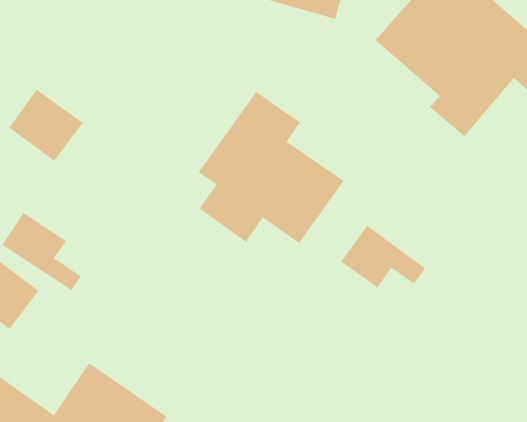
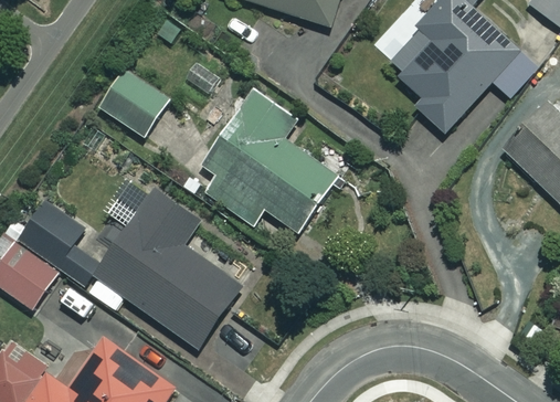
building: [8,89,84,162] -> [101,67,169,134]
building: none -> [94,189,241,347]
building: [341,225,426,288] -> none

